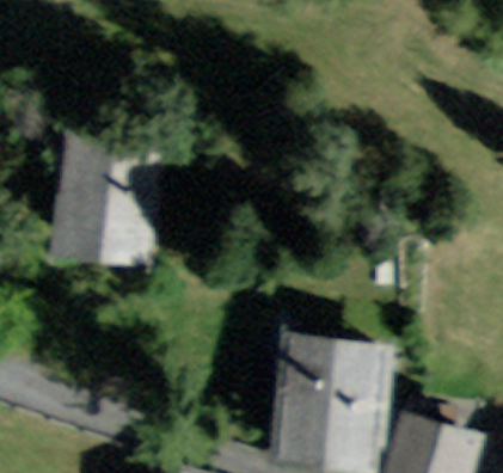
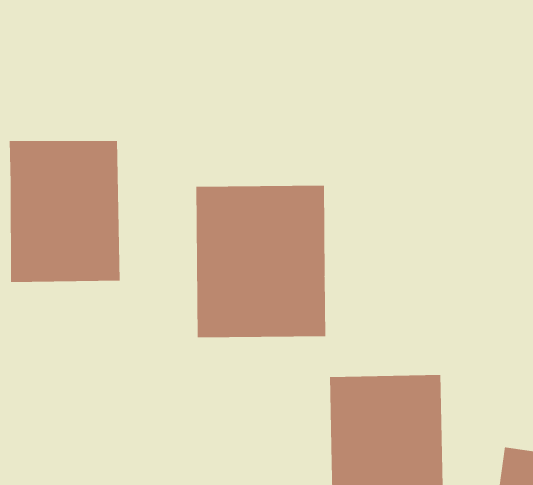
building: none -> [196,185,326,338]

